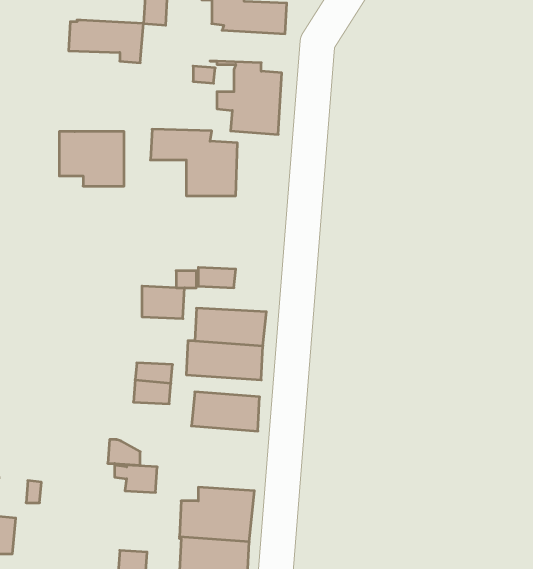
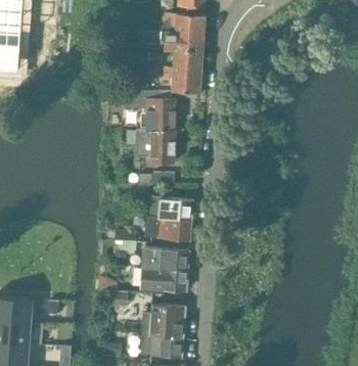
building: [69,20,144,63] -> [160,32,205,57]
building: [59,132,124,186] -> [136,131,175,164]
building: none -> [140,268,188,292]

